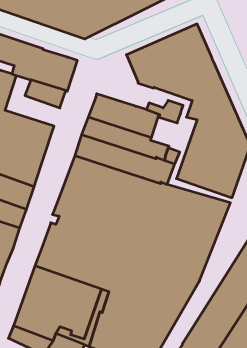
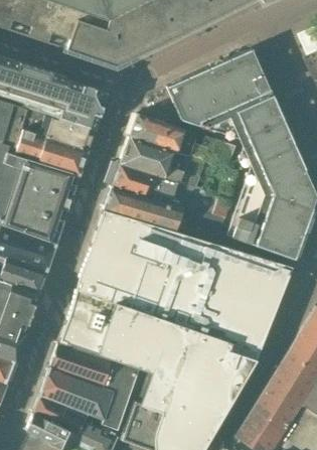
building: none -> [20,112,87,173]
building: none -> [131,116,184,149]

